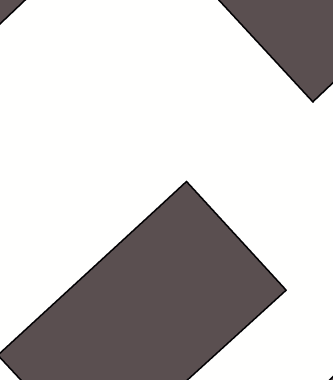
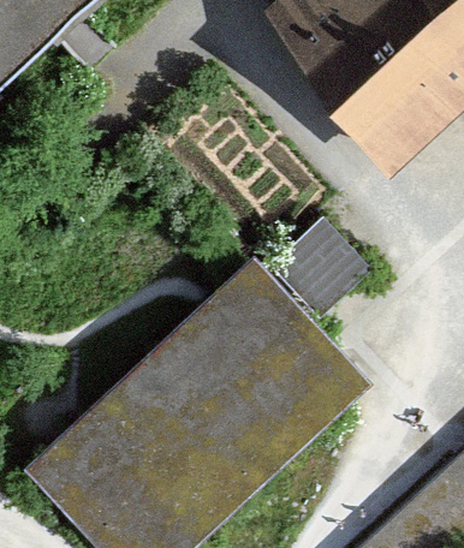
building: none -> [270,226,371,327]

